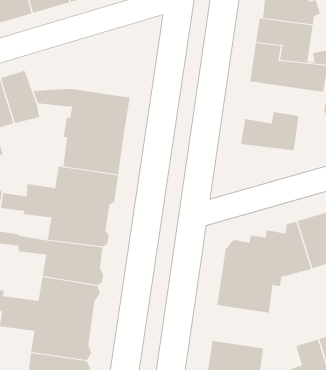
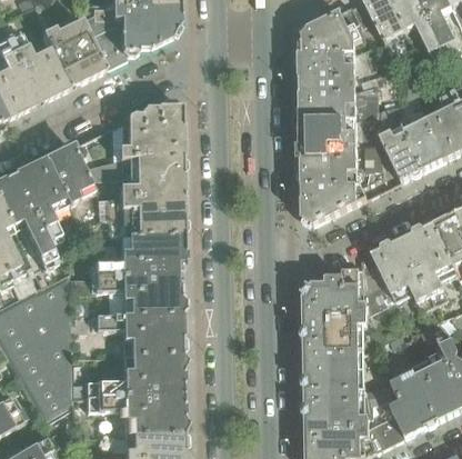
building: none -> [118,98,181,156]
building: none -> [300,117,376,157]
building: none -> [301,172,385,222]
building: none -> [304,351,360,389]

